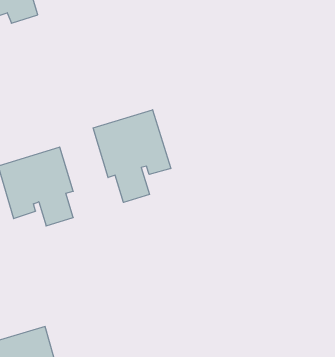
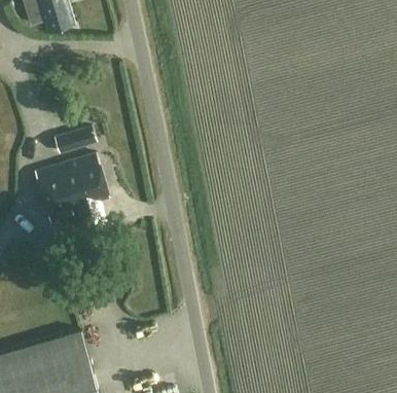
building: [93,110,171,202] -> none
building: none -> [52,127,95,155]

